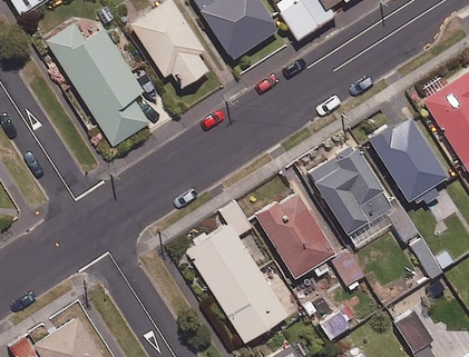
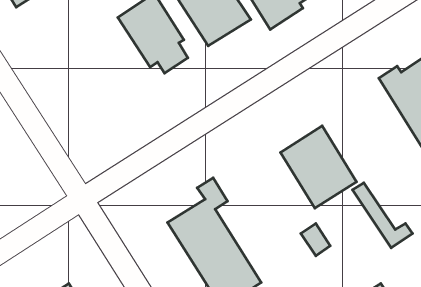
building: [46,22,149,145] -> none
building: [368,115,447,201] -> none
building: [258,196,335,278] -> none

